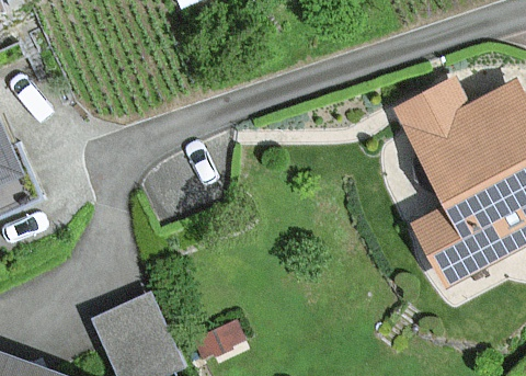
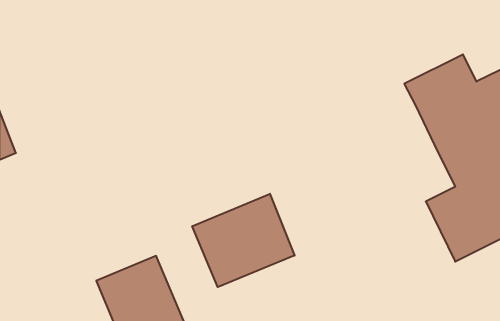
building: none -> [192,194,295,287]

